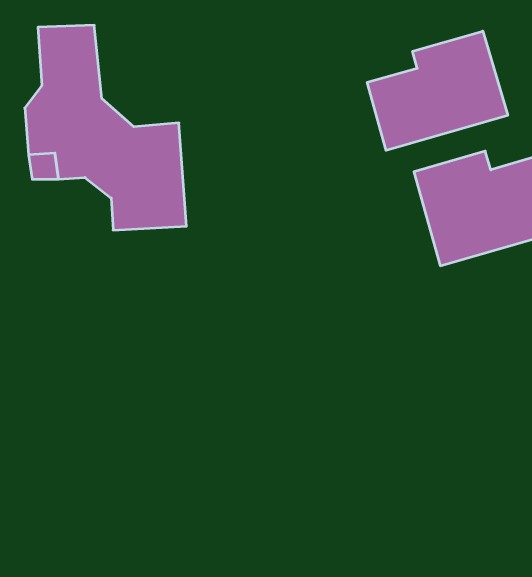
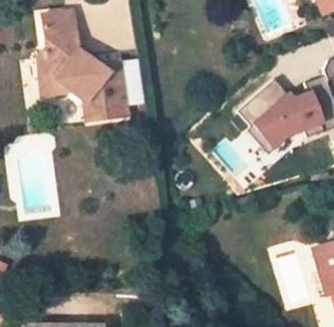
building: [367,31,508,150] -> none

